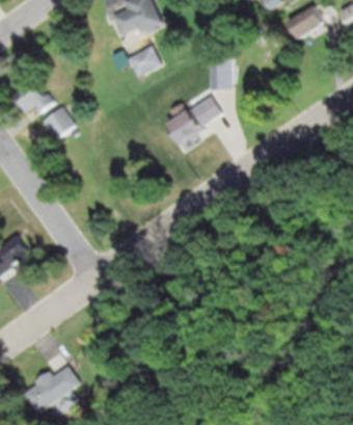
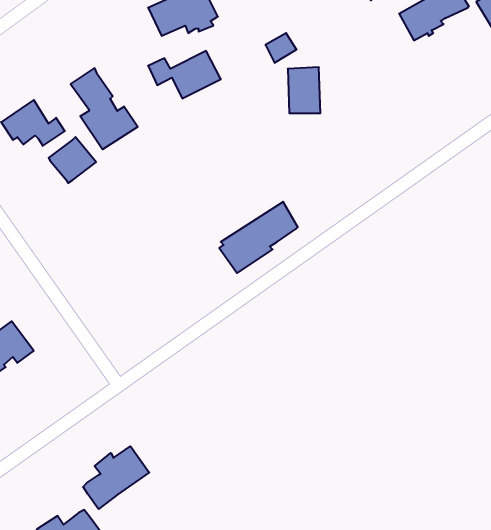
building: none -> [71,68,138,149]
building: [166,96,221,145] -> [219,202,298,273]
building: none -> [83,446,149,509]

